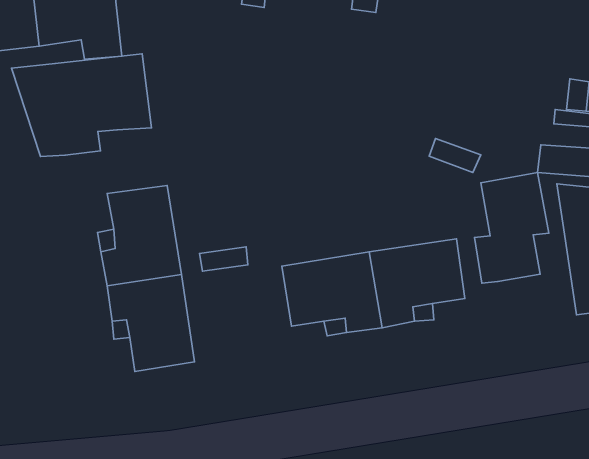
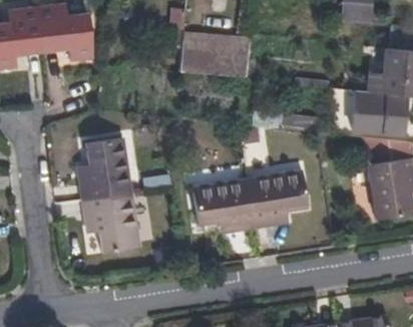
building: none -> [181,32,250,77]
building: [11,54,151,157] -> none
building: [474,172,549,283] -> none

